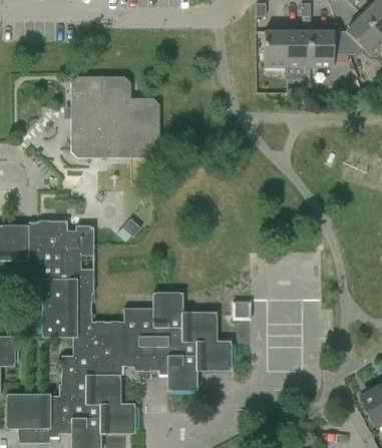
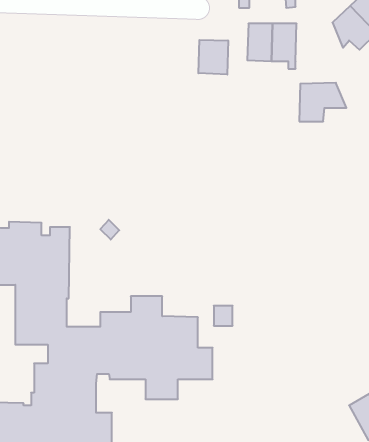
building: [310,30,355,67] -> [299,83,346,121]
building: none -> [198,40,228,75]
building: [70,75,159,156] -> none

